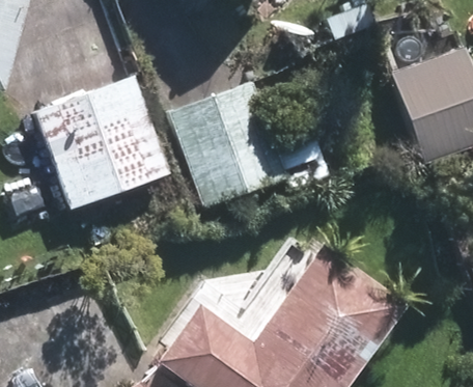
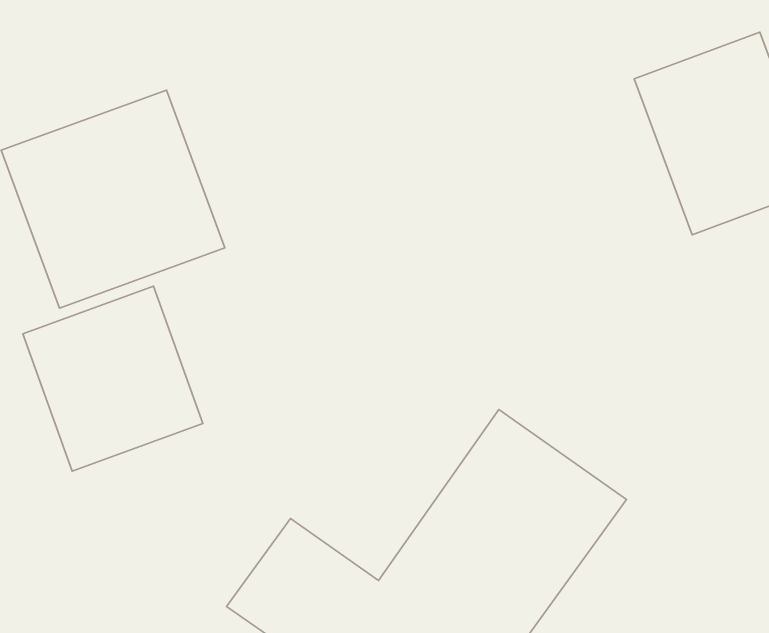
building: [176,92,280,204] -> none
building: none -> [23,286,203,471]

